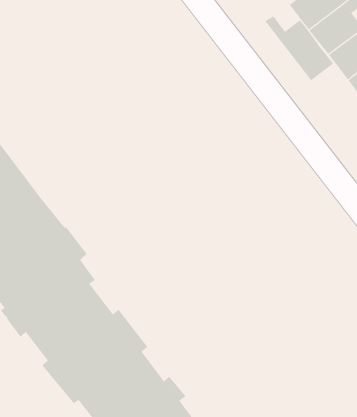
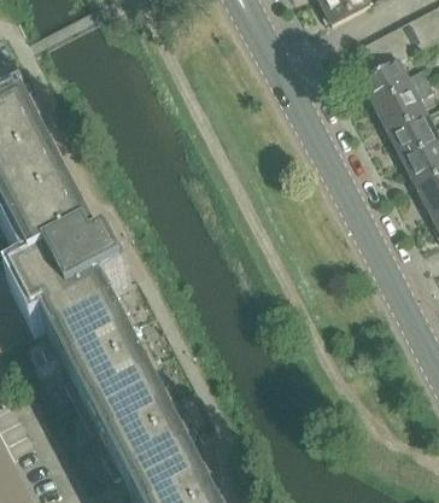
building: [265,15,334,81] -> none

